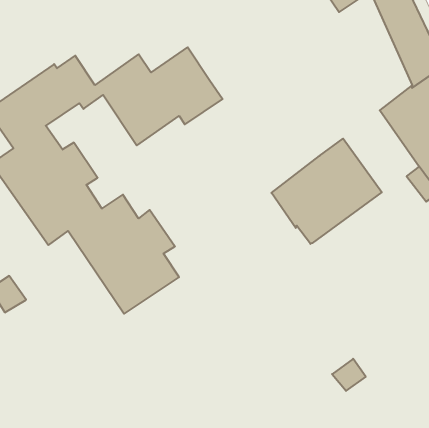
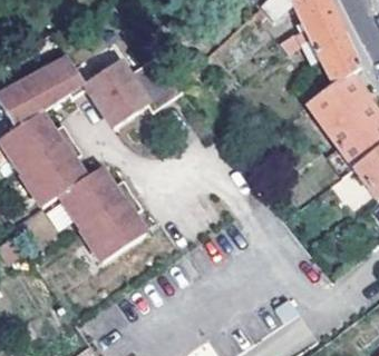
building: [271,139,382,244] -> none

